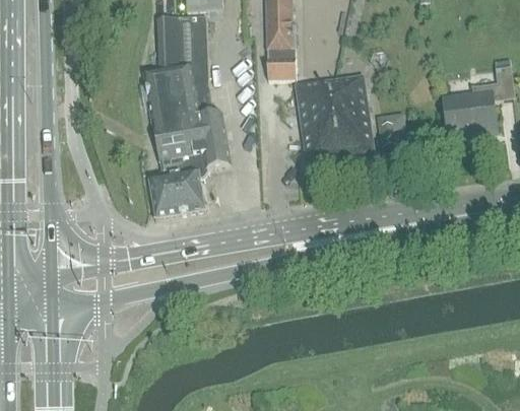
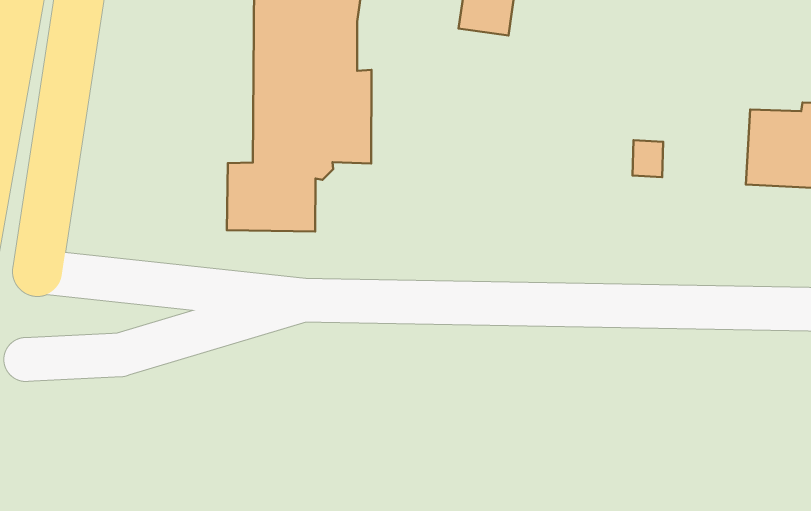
building: [295,72,374,160] -> none

